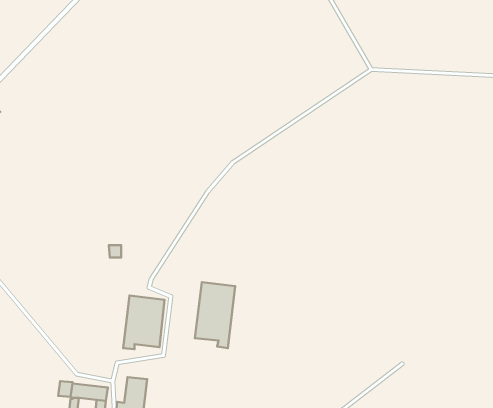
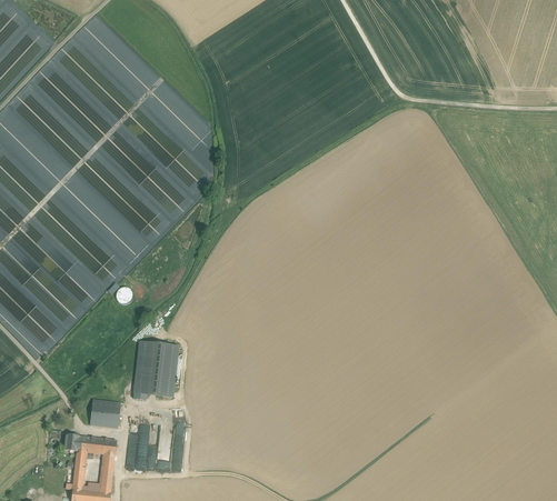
building: [195,282,235,348] -> none
building: none -> [90,399,120,427]

